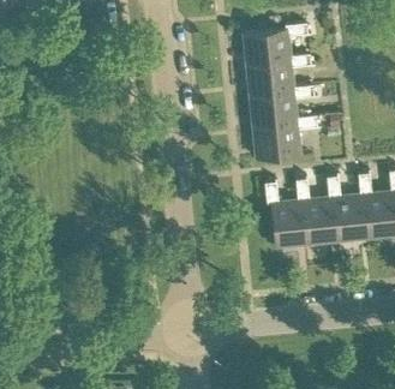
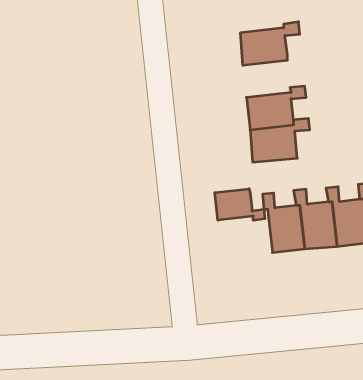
building: [247,56,306,98] -> none
building: none -> [215,189,265,220]

